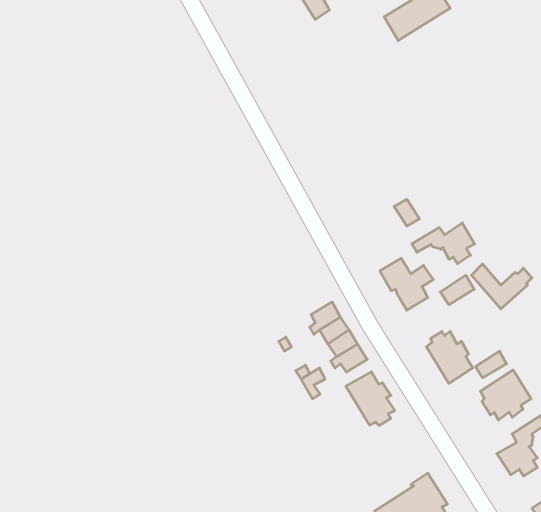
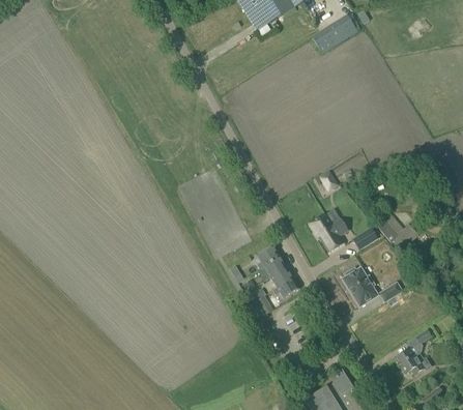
building: [412,223,475,264] -> none
building: [480,370,531,420] -> none
building: [346,372,395,425] -> none

